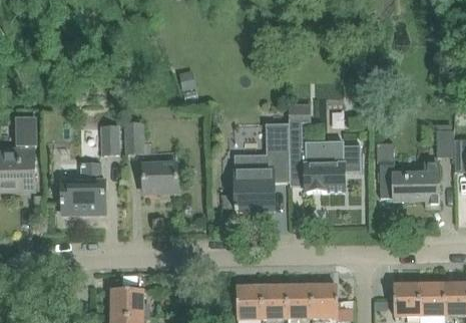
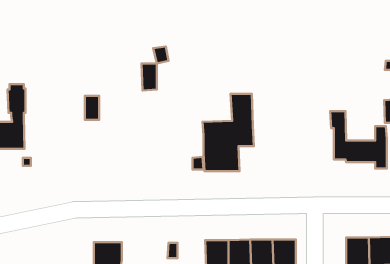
building: [288,104,361,193] -> none
building: [125,123,142,153] -> [141,63,157,90]
building: [142,164,177,194] -> none
building: [61,165,105,215] -> none

